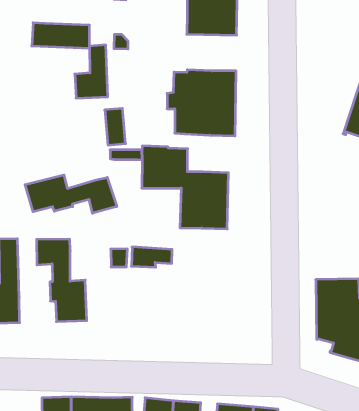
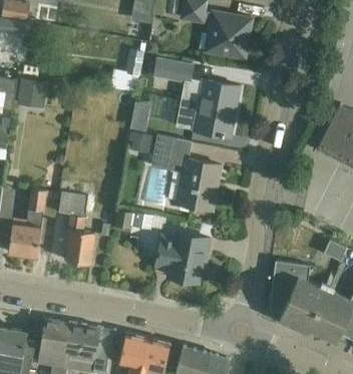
building: [32,23,89,48] -> [143,56,192,83]
building: [25,175,117,213] -> none
building: none -> [156,234,211,283]

